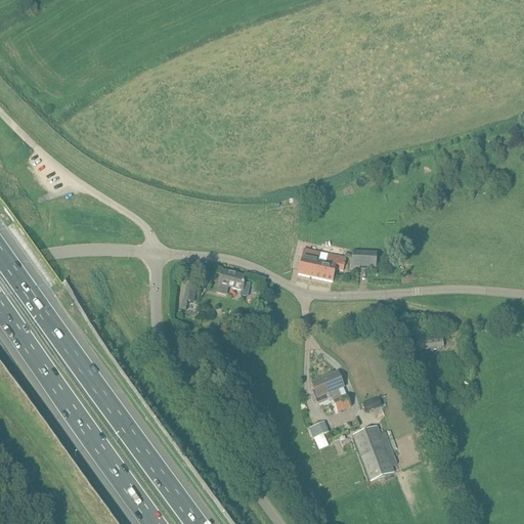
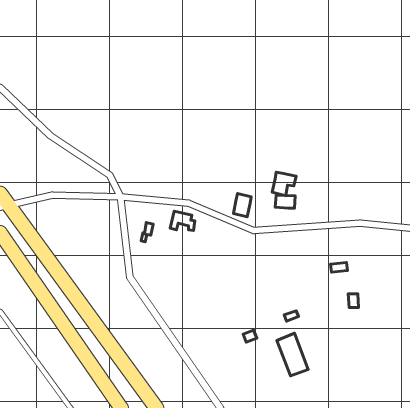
building: [315,251,346,280] -> [272,172,296,196]
building: [312,370,351,409] -> none

